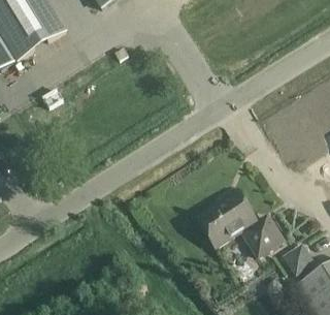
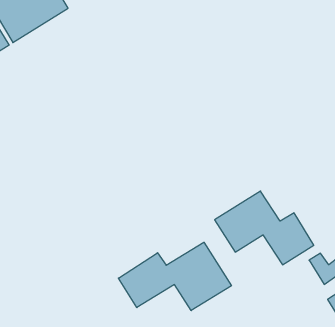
building: none -> [118,242,231,311]

